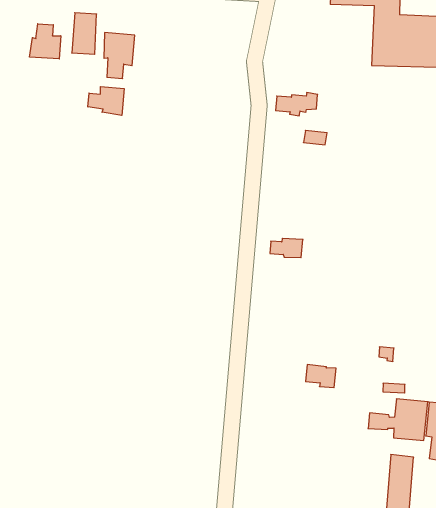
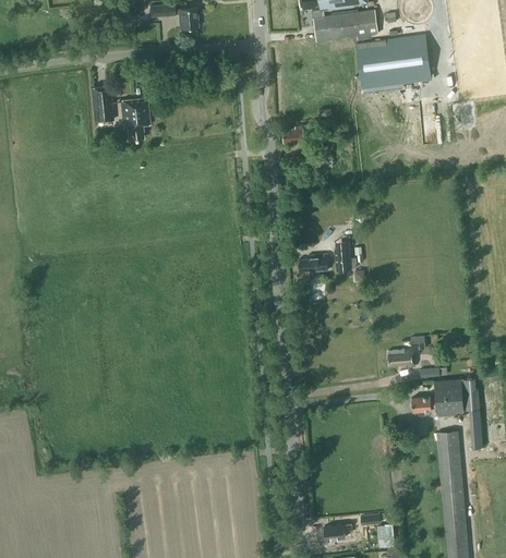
building: [30,24,61,59] -> none
building: [88,87,124,115] -> none
building: none -> [334,241,357,271]
building: [306,365,336,388] -> [386,350,413,368]

